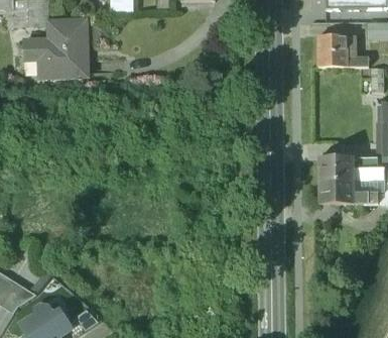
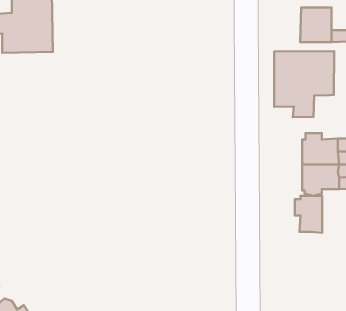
building: none -> [274,51,334,117]
building: none -> [295,196,322,233]

